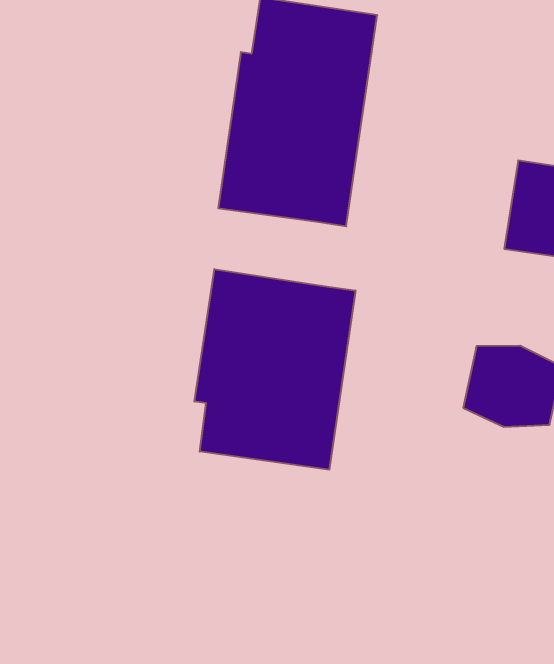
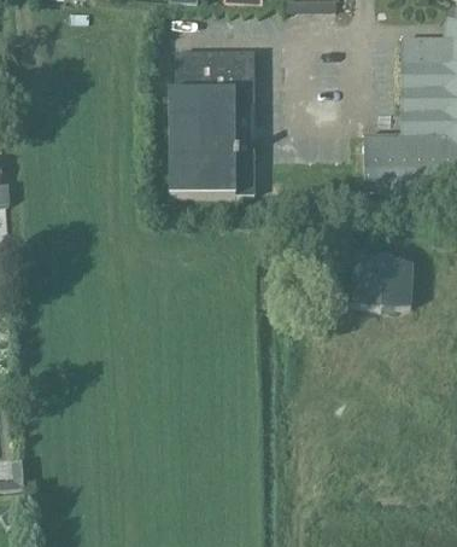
building: [194,269,355,470] -> none

